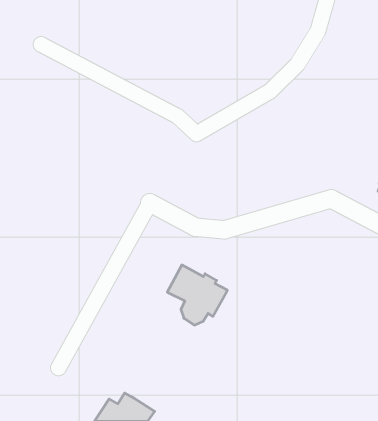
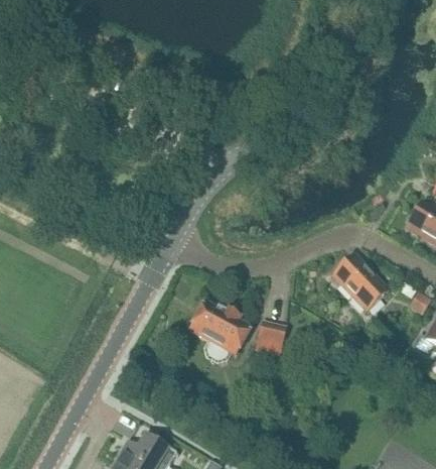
building: none -> [333,253,387,309]
building: none -> [256,320,287,352]

